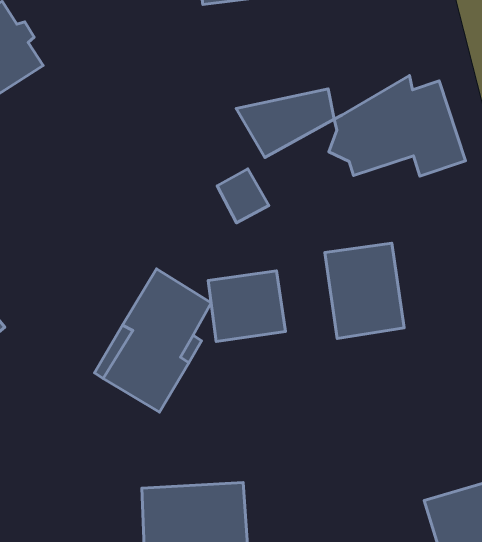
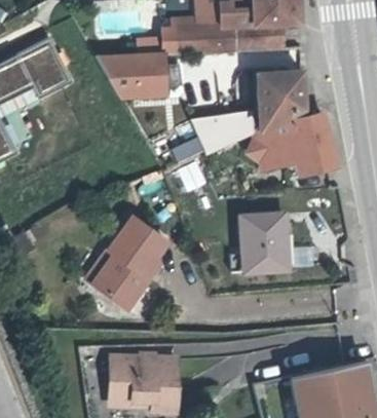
building: none -> [96,52,166,96]
building: none -> [257,70,305,129]
building: [208,271,286,341] -> none

